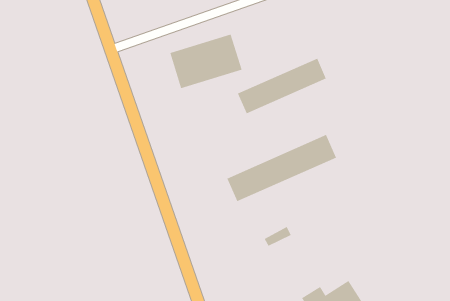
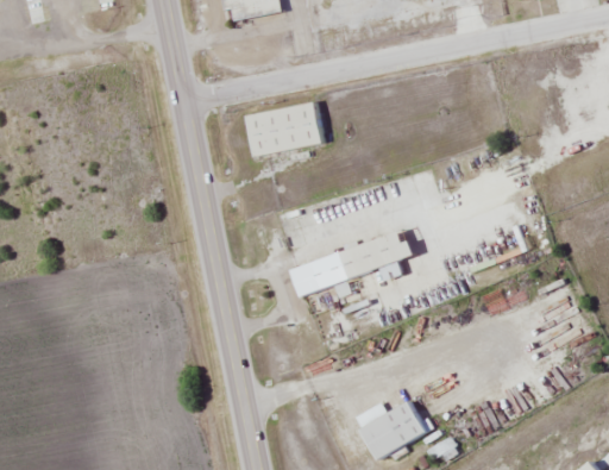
building: [237,58,326,114] -> none

